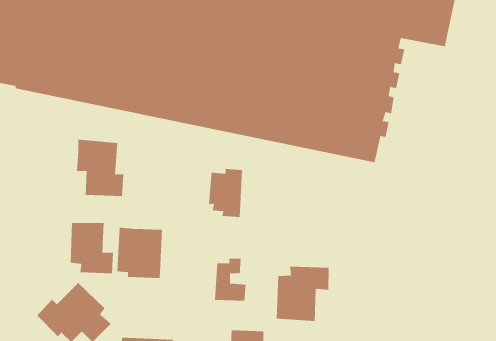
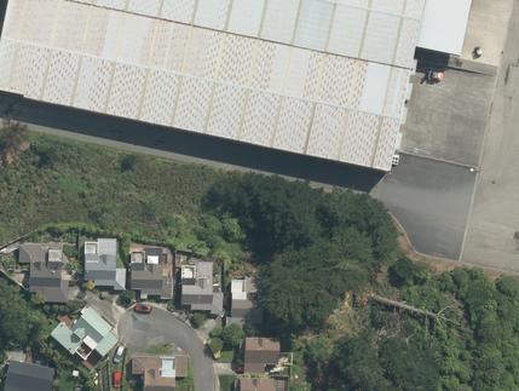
building: [76,139,124,196] -> [21,238,69,297]
building: [208,169,243,218] -> [177,255,212,305]
building: [276,266,329,322] -> none

